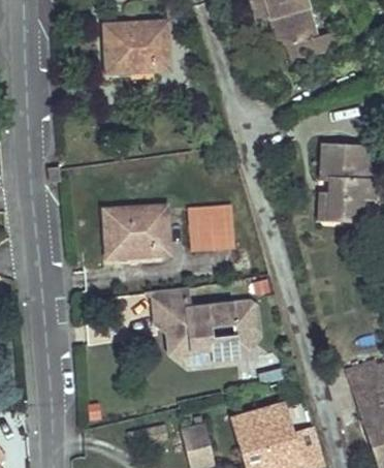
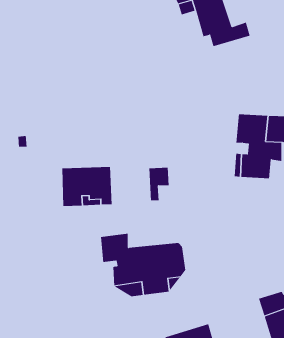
building: [104,22,167,71] -> none
building: [189,209,214,250] -> none

